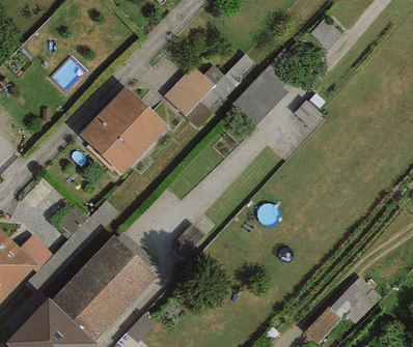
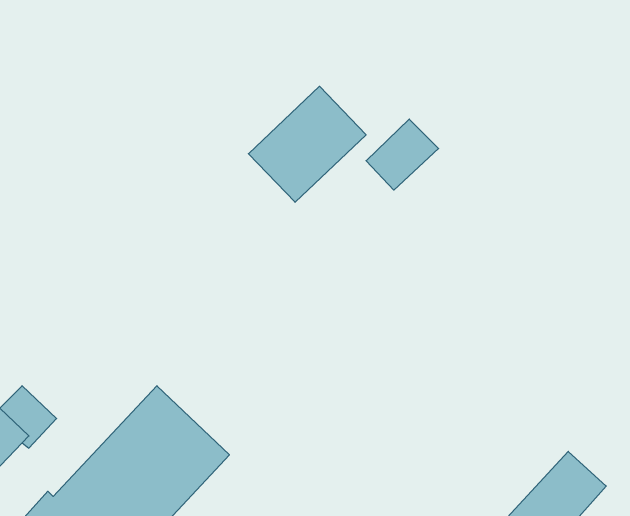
building: [79,85,167,173] -> none

